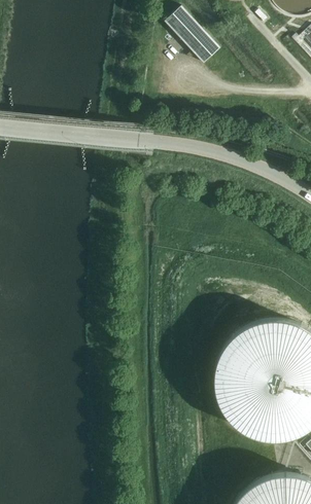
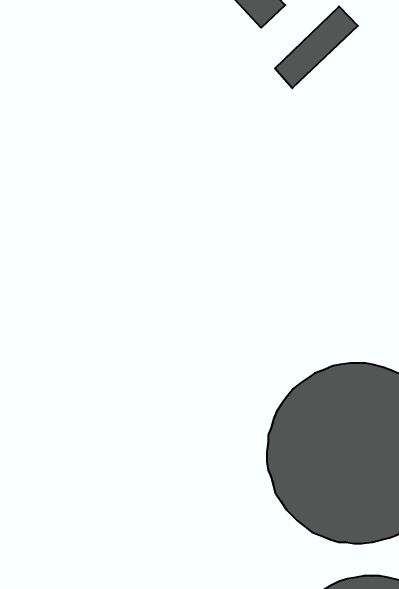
building: none -> [275,6,358,88]

